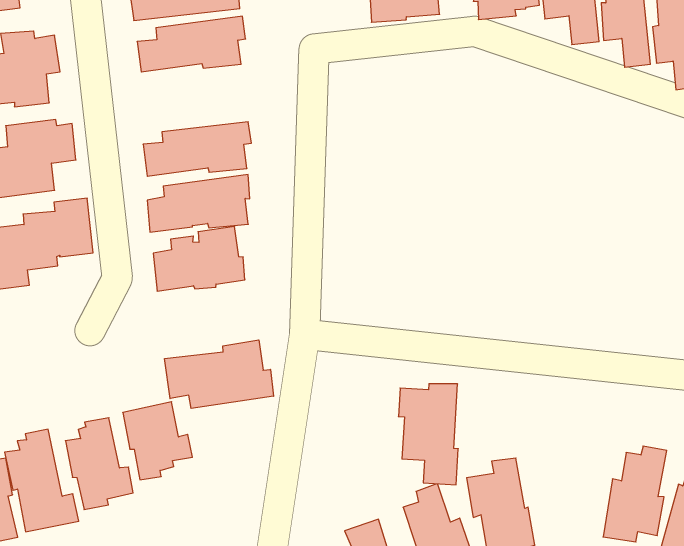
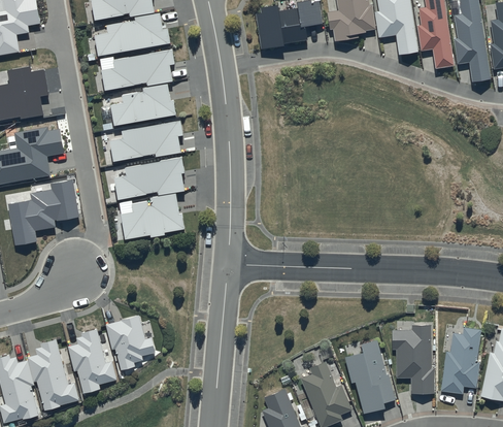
building: none -> [110,84,176,126]
building: [165,340,274,408] -> none
building: [398,384,458,485] -> [392,324,434,393]

